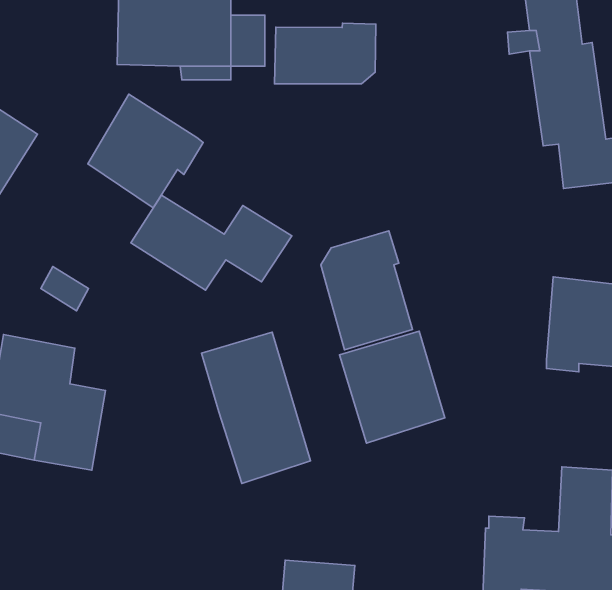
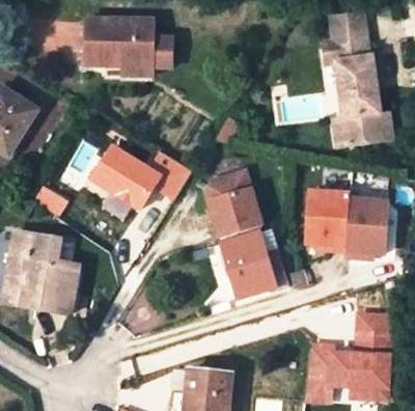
building: [275,23,376,84] -> none
building: [88,94,203,208] -> none
building: none -> [304,189,351,247]
building: [201,332,310,483] -> none

